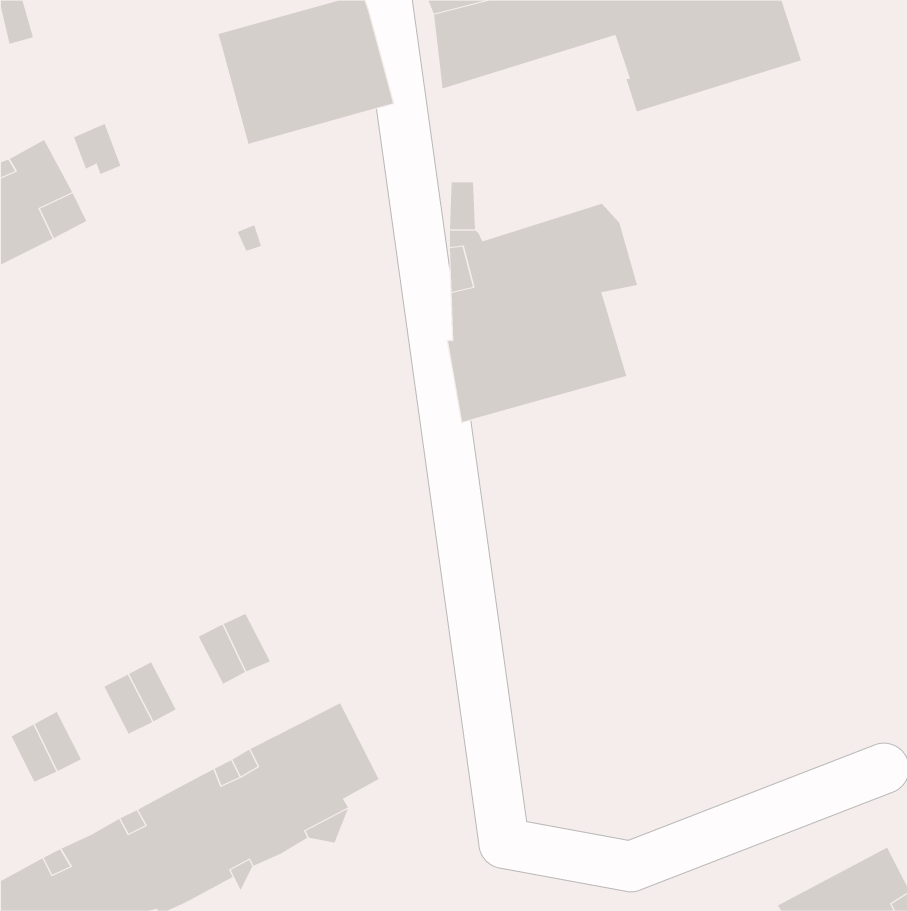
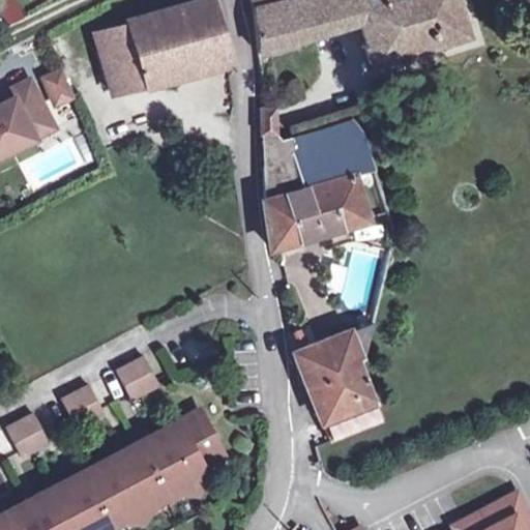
building: none -> [96,23,146,92]
building: none -> [296,321,384,440]

